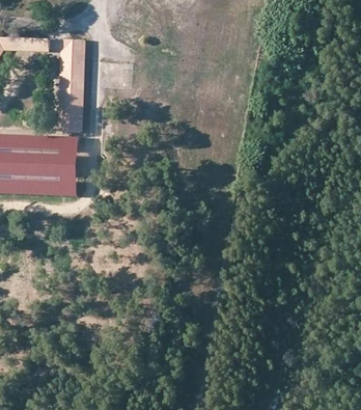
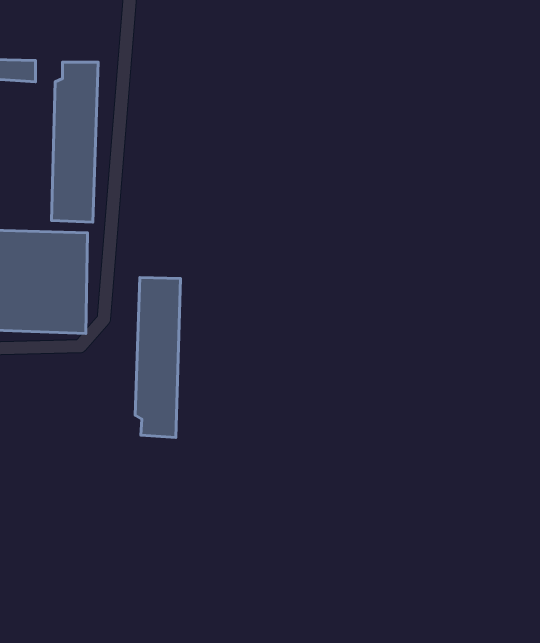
building: none -> [135,278,180,437]

